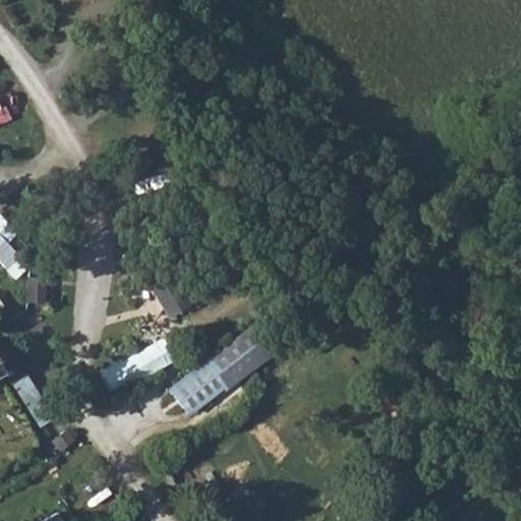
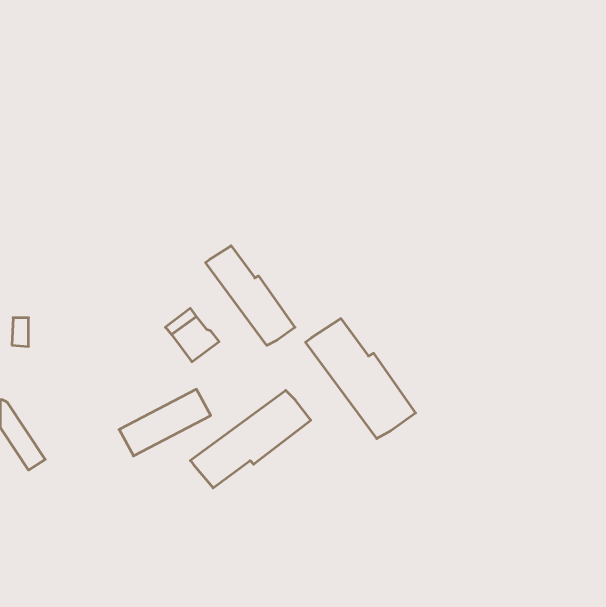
building: none -> [206,246,295,345]
building: none -> [306,319,416,439]

